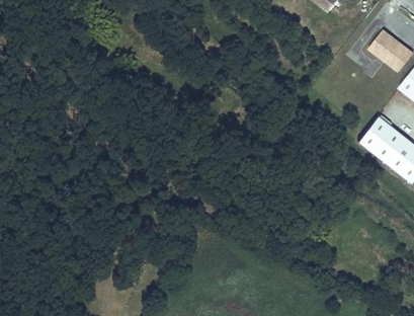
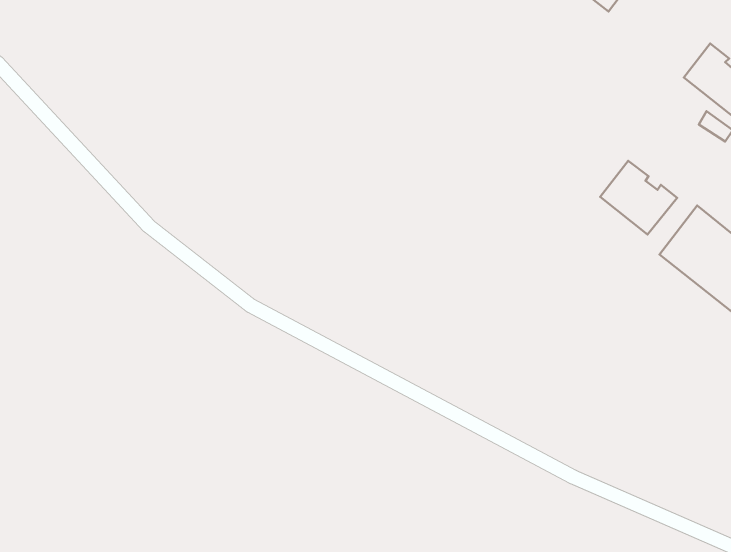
building: none -> [600,161,677,235]

